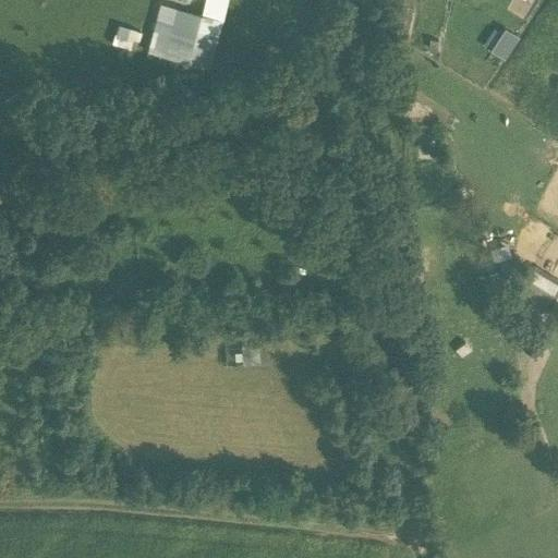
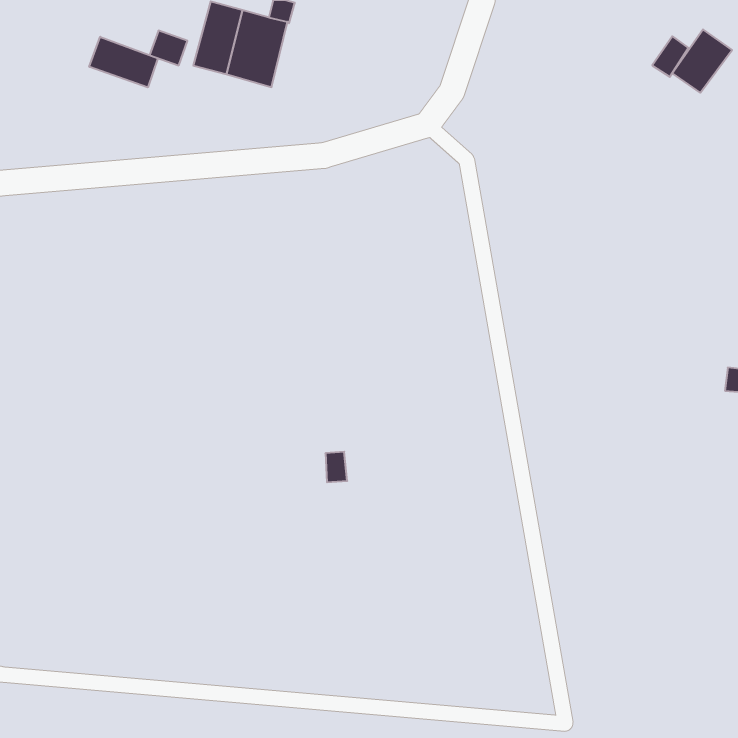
building: none -> [672,29,732,93]
building: none -> [89,37,158,87]

